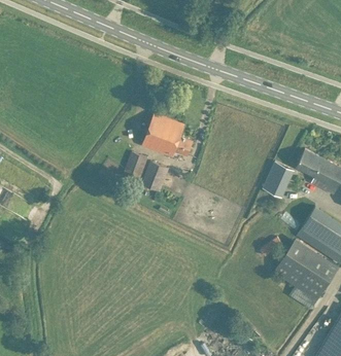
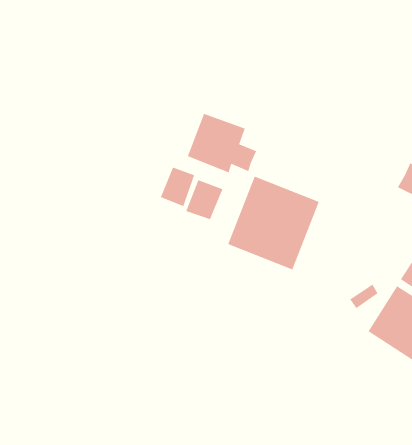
building: none -> [227,176,320,271]
building: [263,162,295,198] -> none

